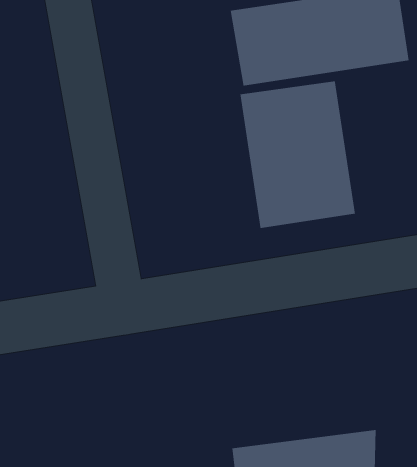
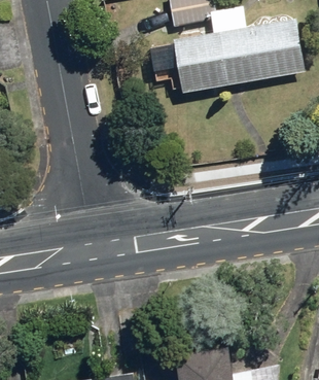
building: [240,80,355,229] -> none

